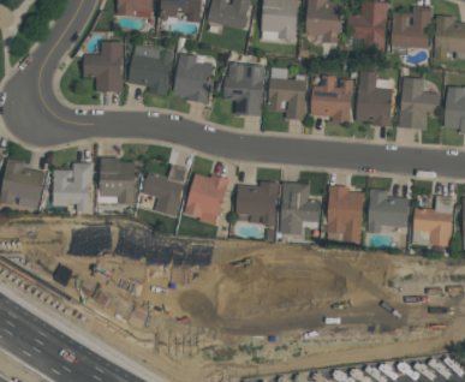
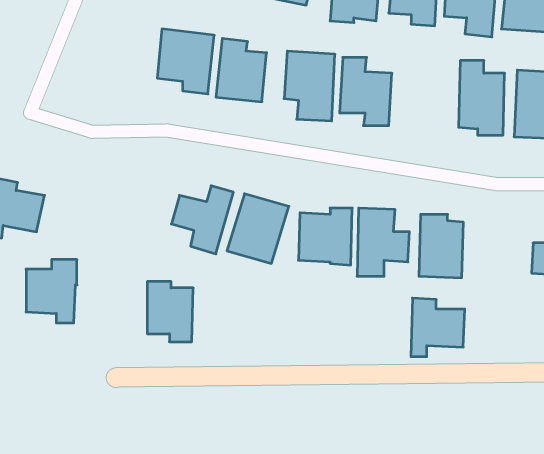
building: [84,41,124,91] -> none
building: [311,74,353,123] -> none
building: [100,157,135,203] -> [147,282,193,342]
building: [53,163,91,211] -> [26,260,77,323]
building: [369,189,410,233] -> [411,298,465,357]

